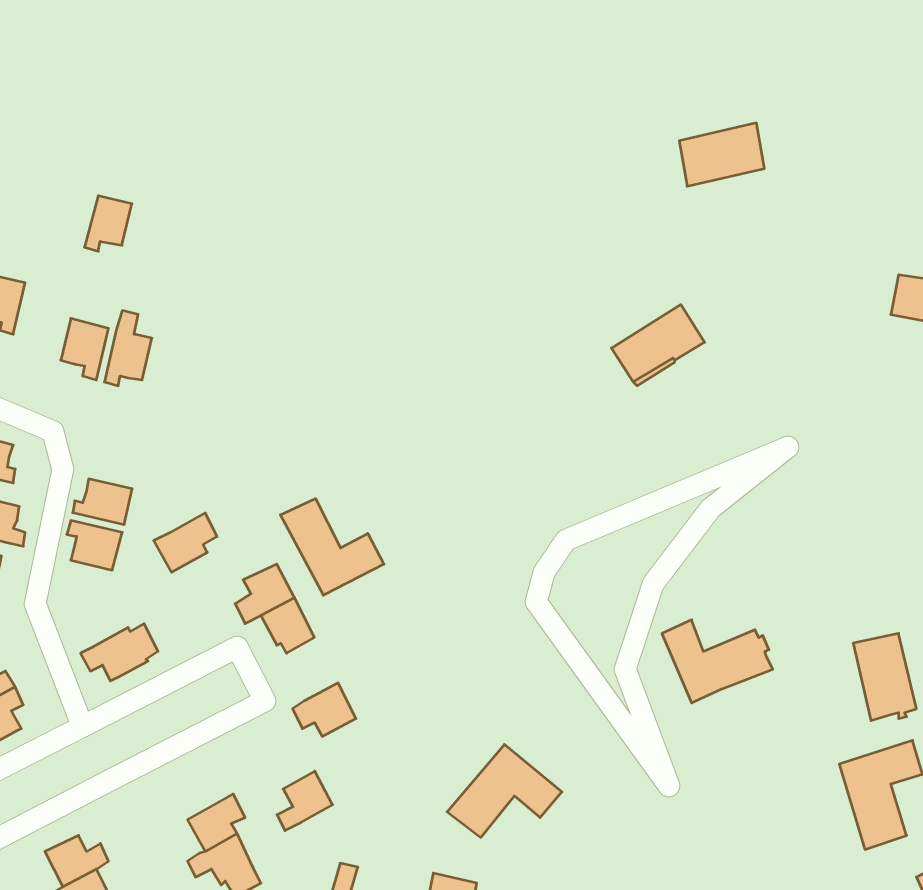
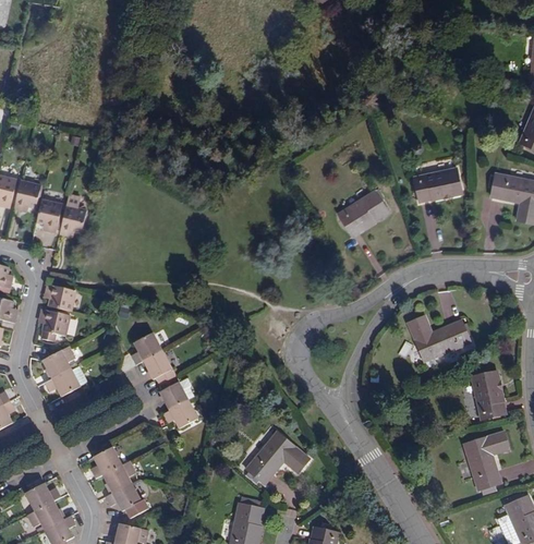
building: [679,123,764,186] -> [415,168,462,203]
building: [84,196,132,251] -> [13,180,39,210]
building: [280,499,384,595] -> none
building: [154,513,217,572] -> [43,347,77,379]
building: [662,620,773,703] -> [408,316,469,362]
building: none -> [159,374,194,409]
building: [277,771,333,831] -> [92,446,122,479]

